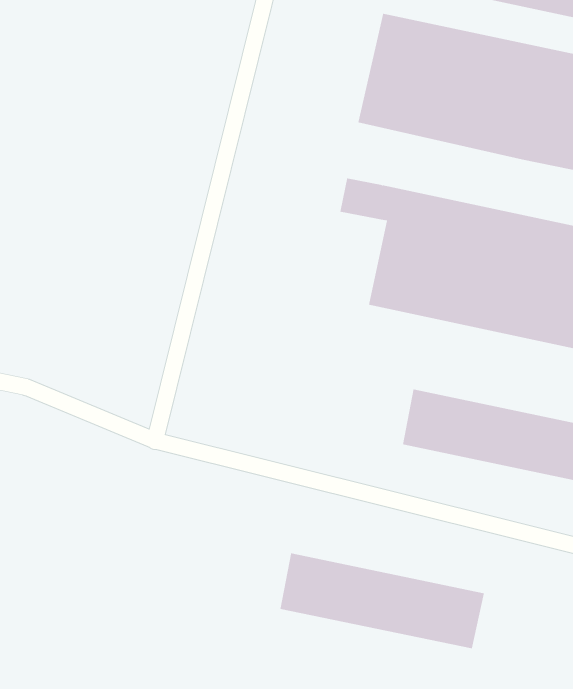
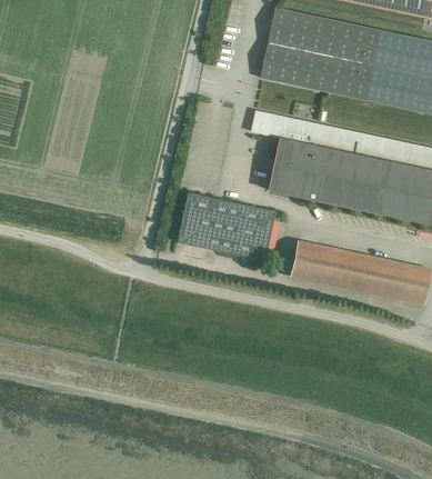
building: none -> [177,193,275,261]
building: [280,553,485,649] -> none

